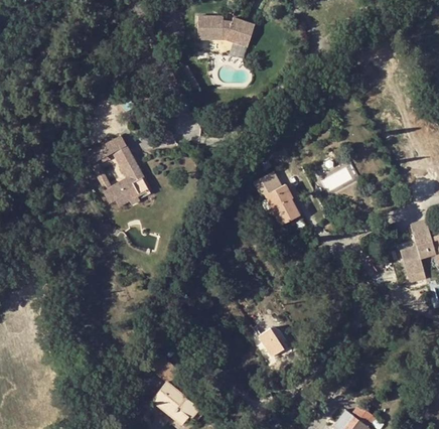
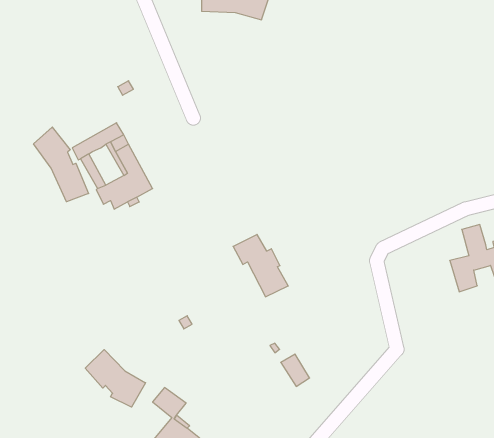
building: none -> [34,127,89,202]
building: [254,172,300,225] -> [233,234,288,297]
building: none -> [85,350,146,407]

